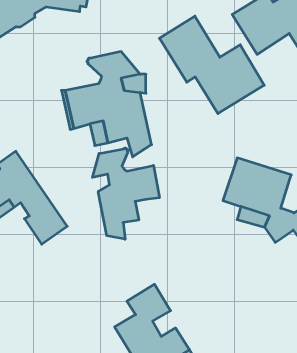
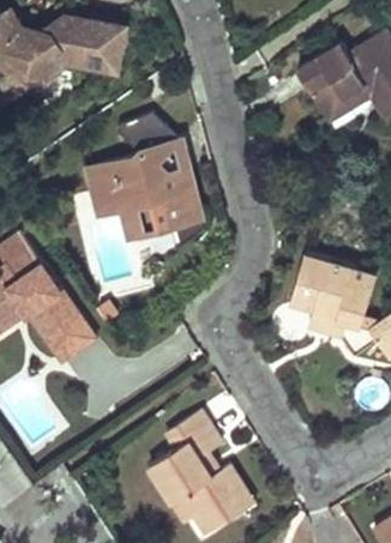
building: [159,16,264,114] -> none
building: [92,148,159,239] -> none

